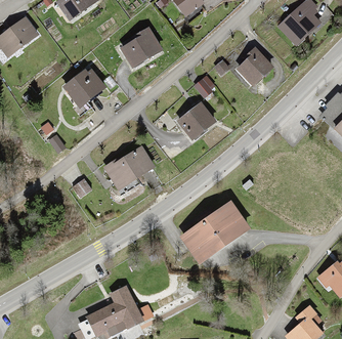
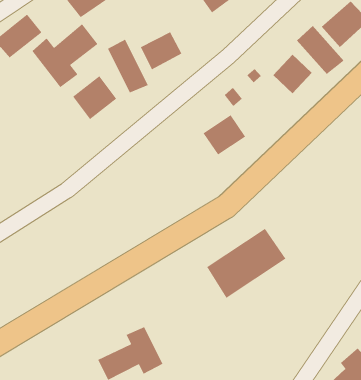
building: none -> [31,23,98,88]
building: none -> [296,25,345,75]
building: none -> [107,39,149,94]
building: [103,145,154,188] -> none

